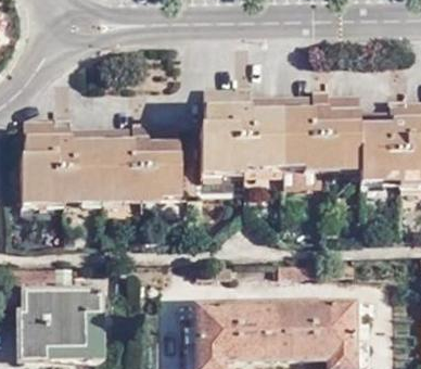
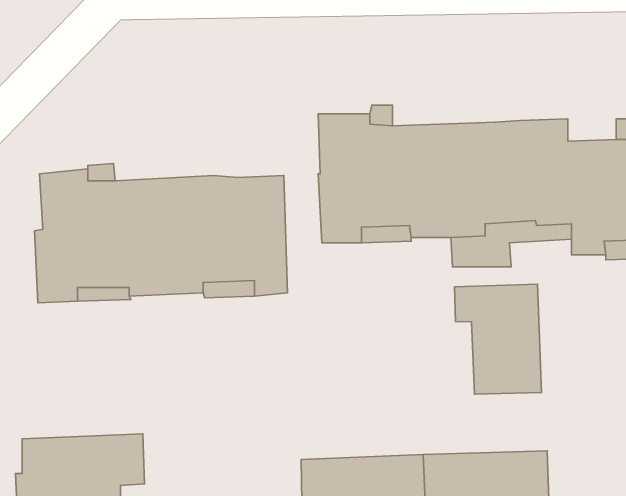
building: none -> [455,284,541,394]

